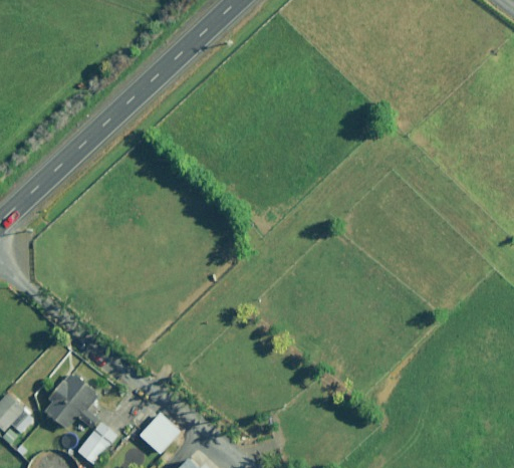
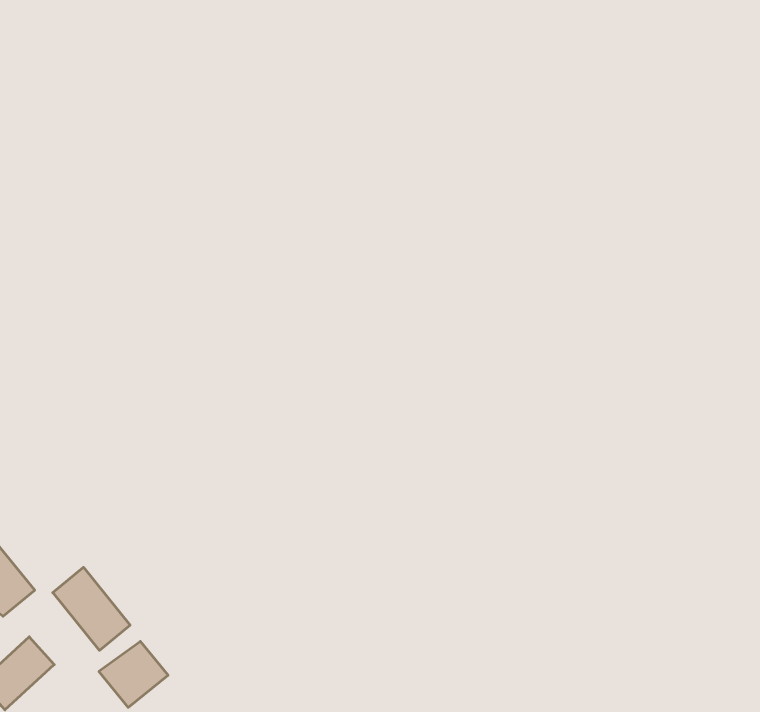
building: none -> [53,567,130,650]

